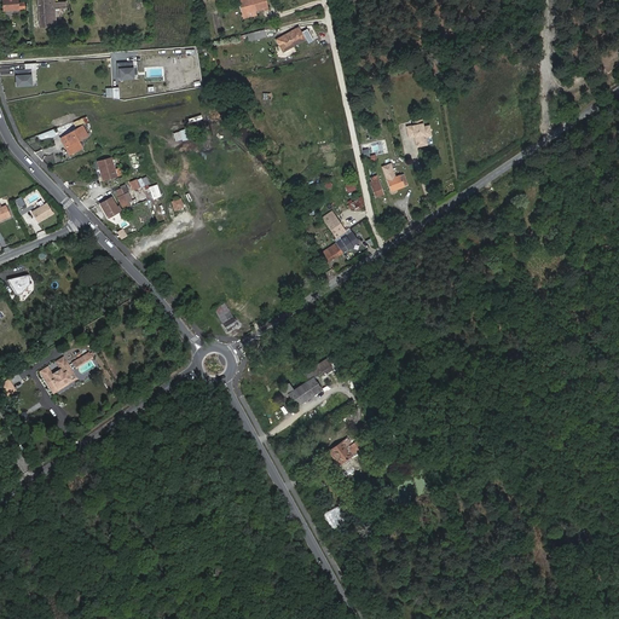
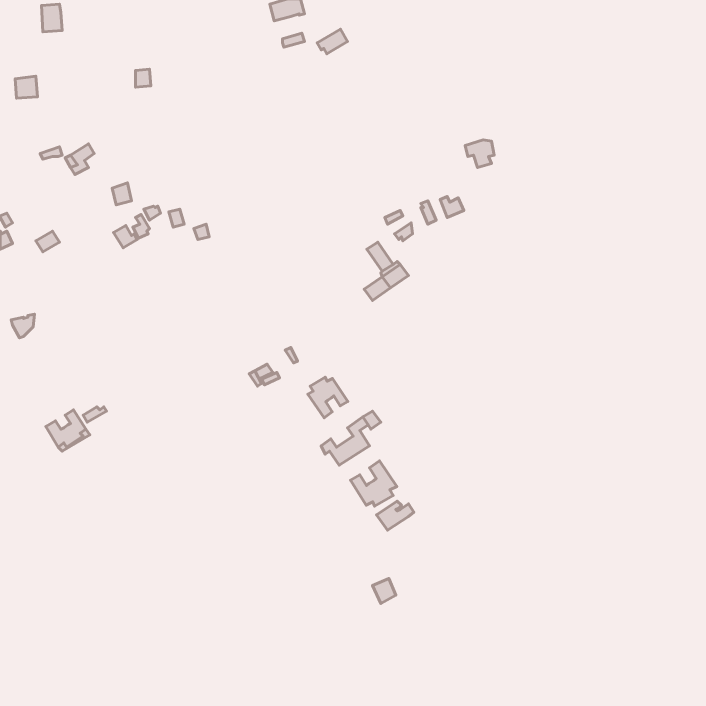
building: none -> [308,377,348,418]
building: none -> [350,461,397,506]

